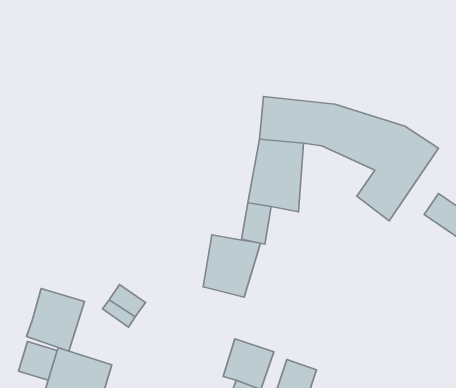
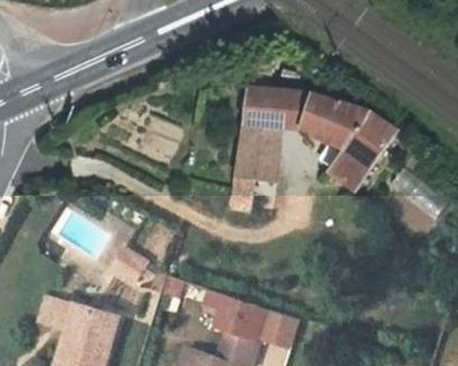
building: [203,235,260,297] -> none
building: [26,288,85,351] -> none

